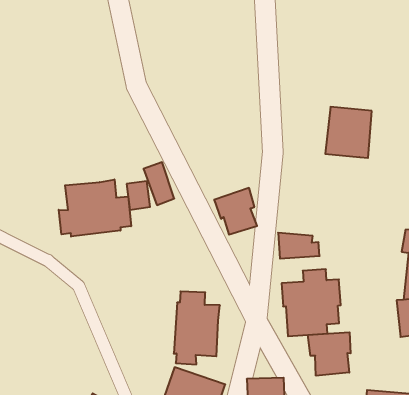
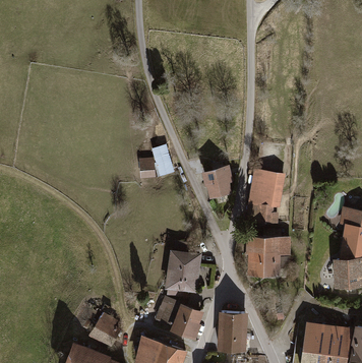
building: [325,107,372,158] -> [248,169,285,208]
building: [59,179,131,237] -> none
building: [308,332,351,376] -> none

